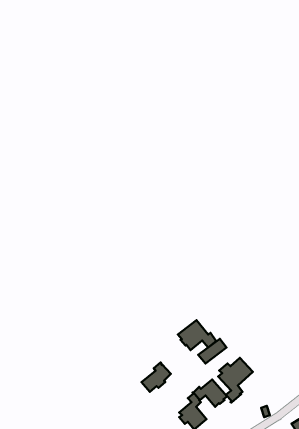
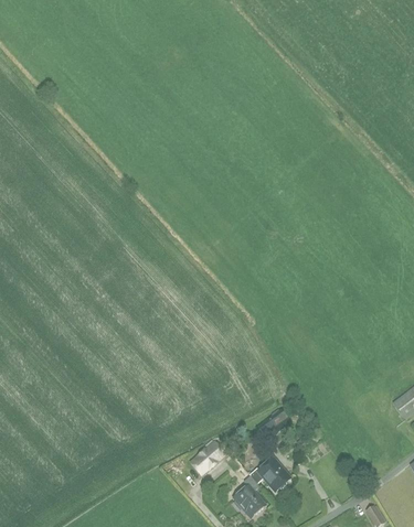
building: [178,320,216,350] -> none
building: [218,358,253,402] -> none

